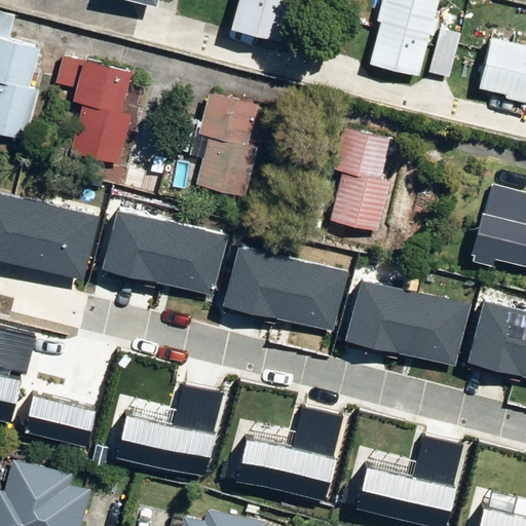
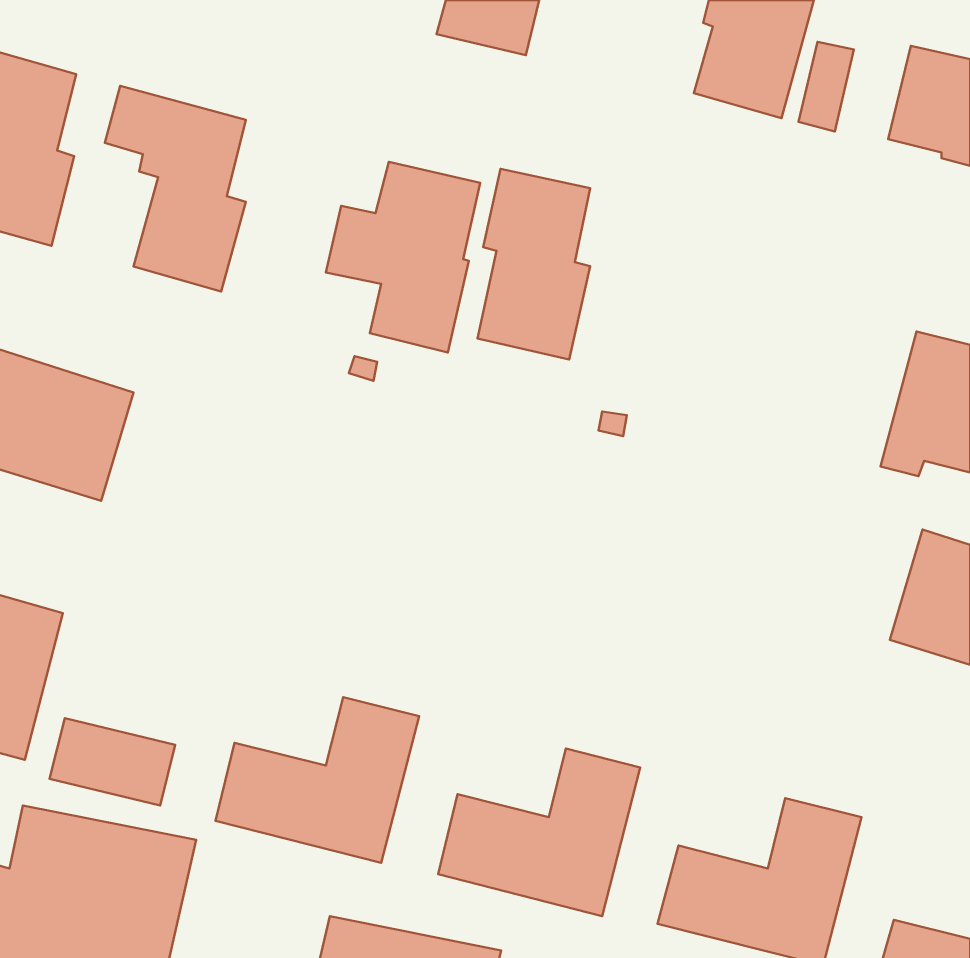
building: [333,132,393,234] -> [478,169,590,359]
building: [81,206,205,298] -> none
building: [218,245,342,336] -> none
building: [362,278,487,370] -> none

